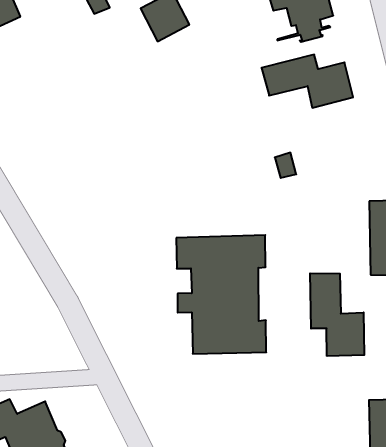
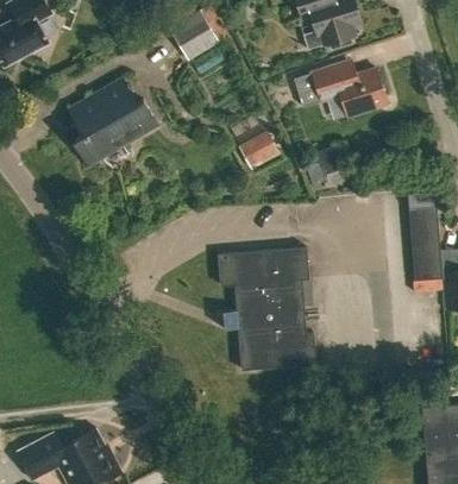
building: none -> [69,81,158,166]
building: none -> [238,132,278,166]
building: [310,273,364,356] -> none

